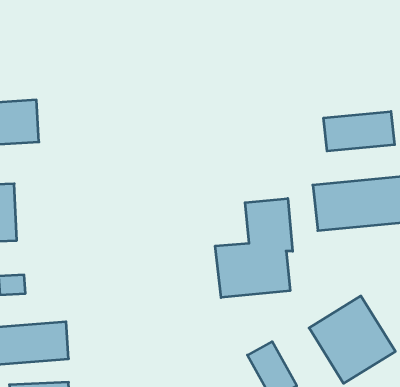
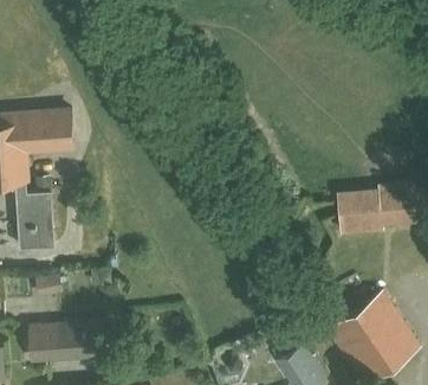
building: [324,111,395,151] -> none
building: [215,198,293,298] -> none

